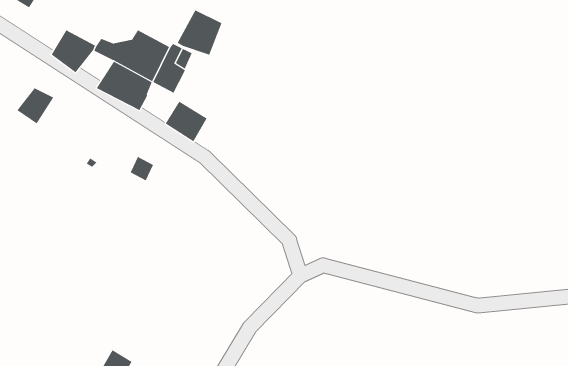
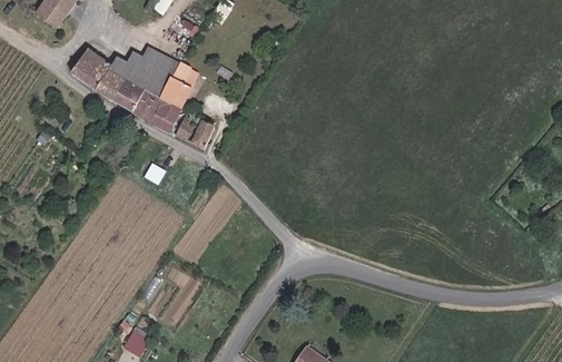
building: [177,10,222,56] -> none
building: none -> [154,95,184,129]
building: [17,88,54,125] -> [97,67,130,100]

